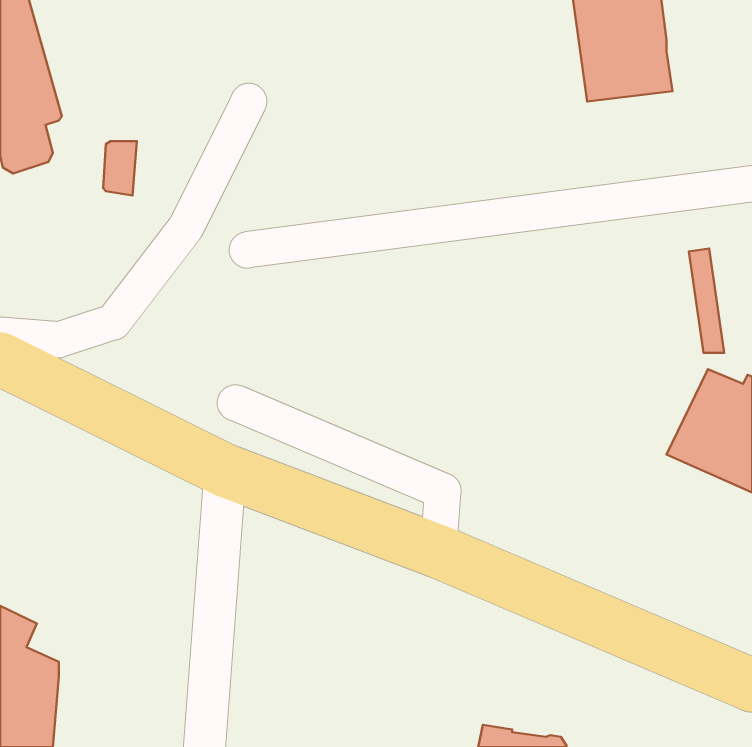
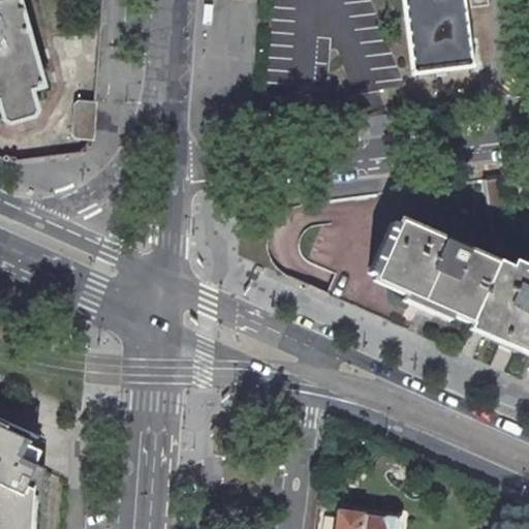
building: none -> [373,218,496,319]

